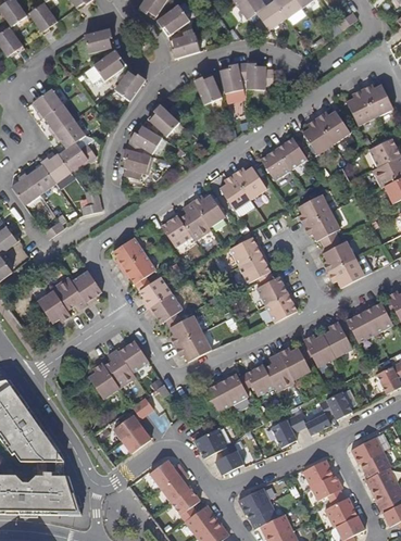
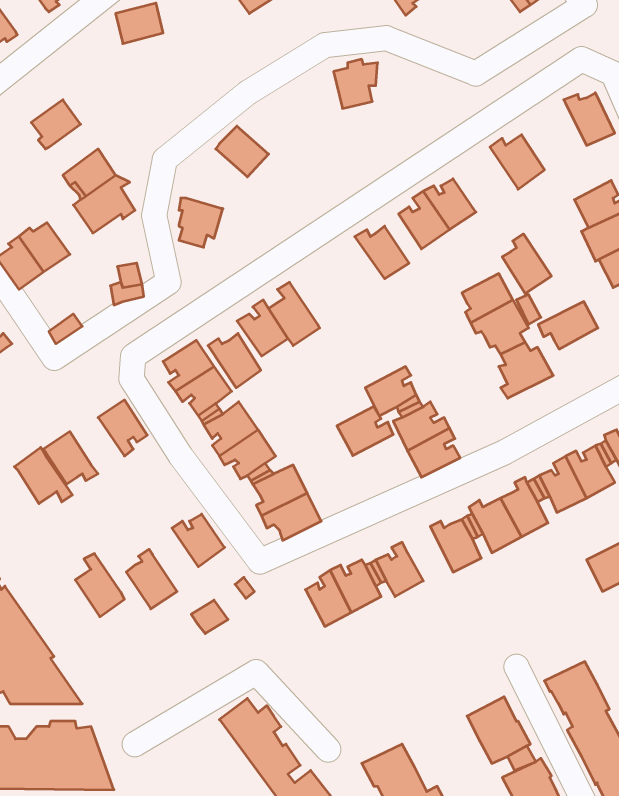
building: [170,32,200,58] -> none
building: [93,50,126,80] -> none
building: [245,62,273,89] -> none
building: [115,67,146,101] -> none
building: [193,73,222,104] -> none
building: [347,88,376,125] -> none
building: [43,103,74,135] -> none
building: [303,117,334,154] -> [502,234,551,294]
building: [128,125,162,155] -> none
building: [40,152,72,184] -> none
building: [220,173,251,211] -> none
building: [192,193,225,227] -> [208,333,261,388]
building: [229,236,264,266] -> [337,406,393,456]
building: [327,259,364,288] -> [538,302,598,349]
building: [54,279,90,314] -> [14,447,72,504]
building: [265,352,295,392] -> none
building: [108,353,138,392] -> [75,554,124,617]
building: [271,390,351,446] -> none
building: [114,415,151,453] -> none
building: [193,426,242,474] -> none

